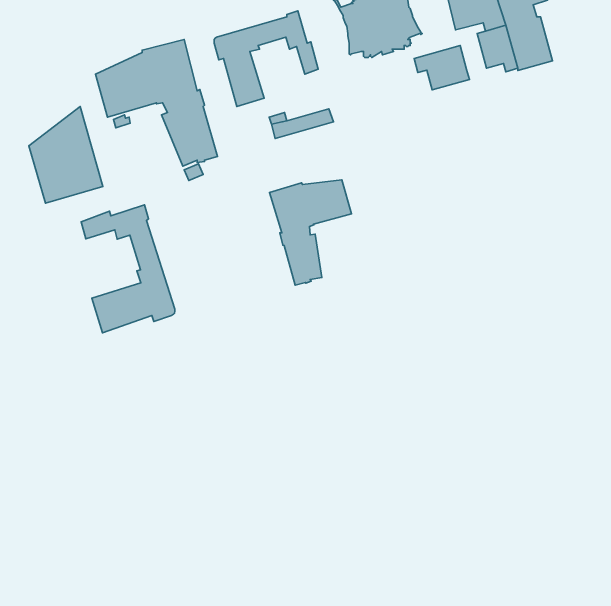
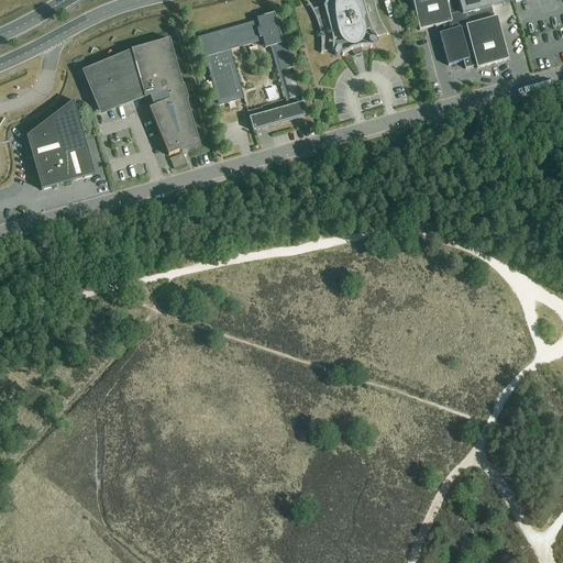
building: [414,46,469,90] -> none
building: [270,180,352,285] -> none
building: [81,205,175,333] -> none

